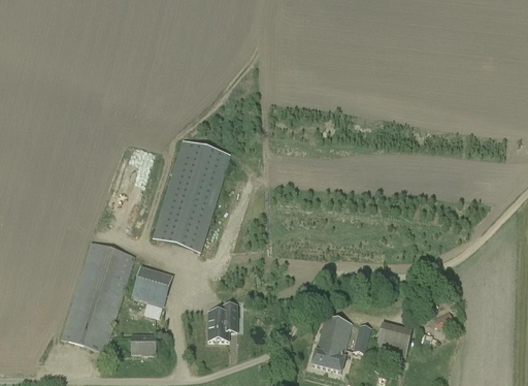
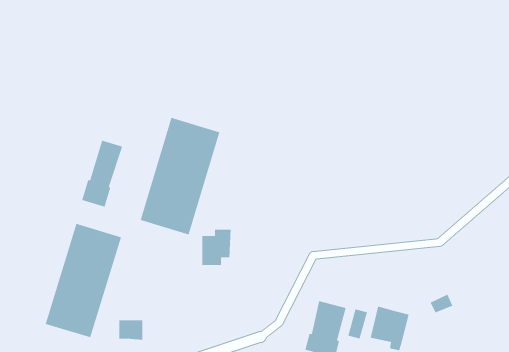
building: none -> [81,140,123,207]
building: [132,267,172,304] -> none
building: [209,302,238,337] -> [201,229,231,265]

